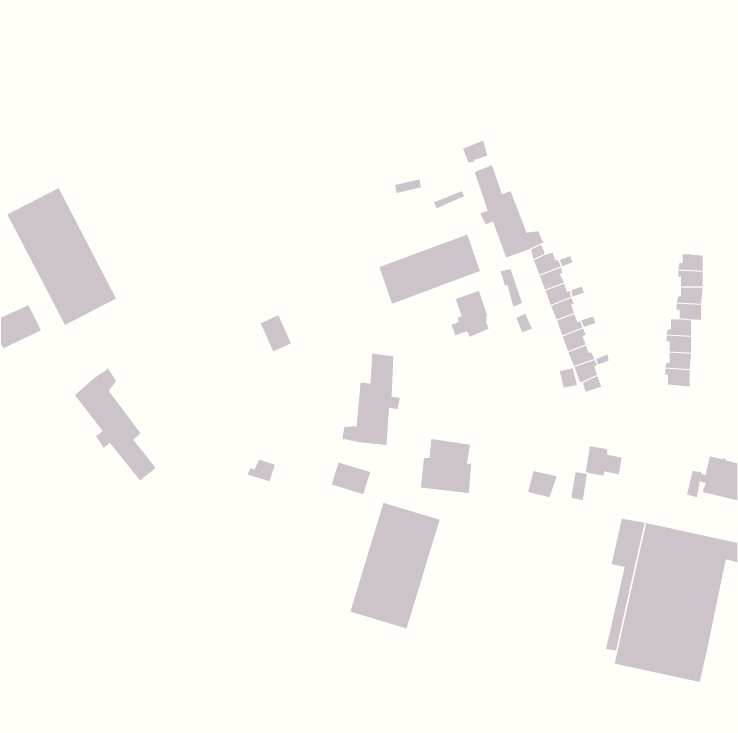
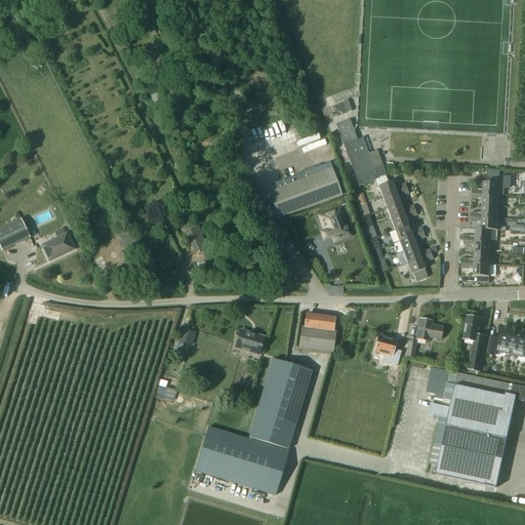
building: [7,187,117,326] -> none
building: none -> [42,226,74,258]
building: [342,353,400,446] -> none
building: [74,367,157,481] -> none
building: none -> [463,314,487,370]
building: none -> [196,426,289,493]

